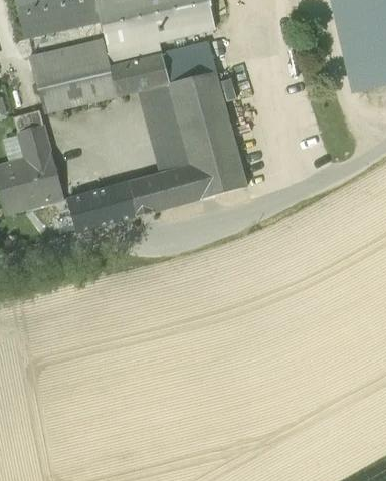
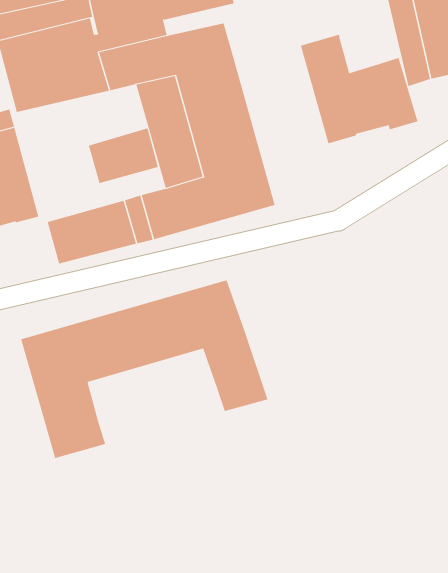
building: none -> [300,34,418,144]
building: none -> [88,127,159,184]
building: none -> [21,280,268,459]

